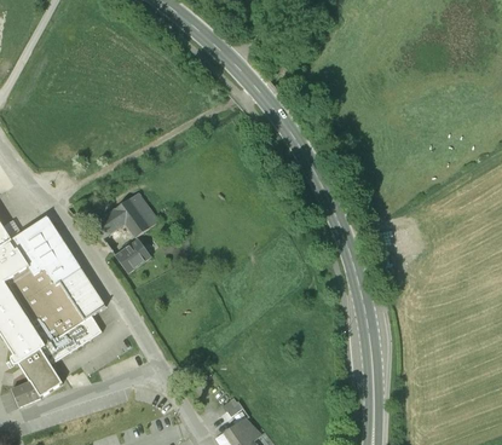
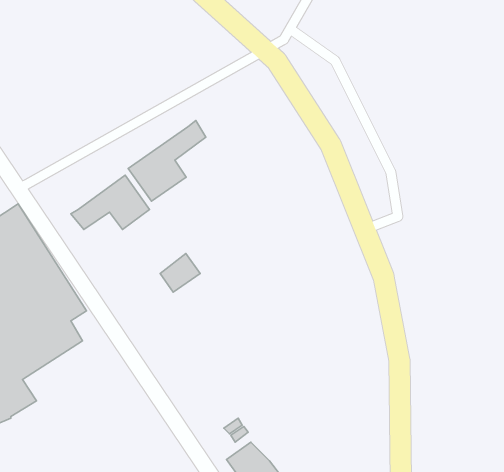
building: none -> [128,120,206,201]
building: [115,238,149,271] -> [160,253,200,292]

